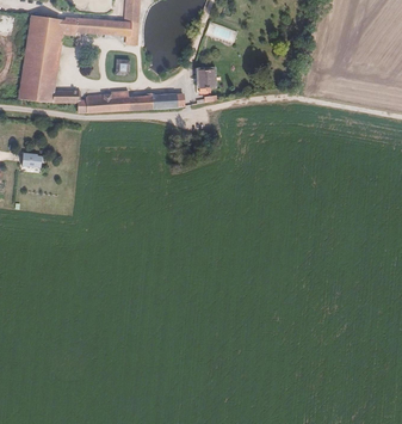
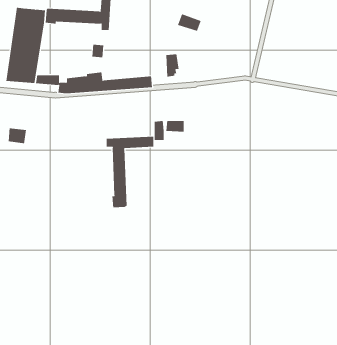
building: none -> [106,136,154,208]

